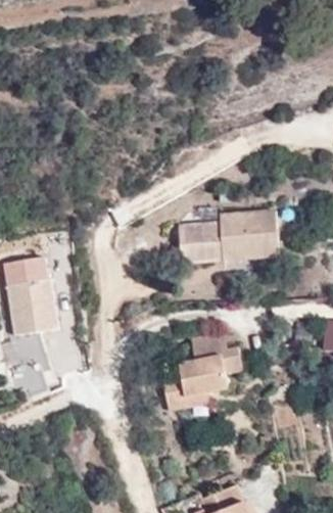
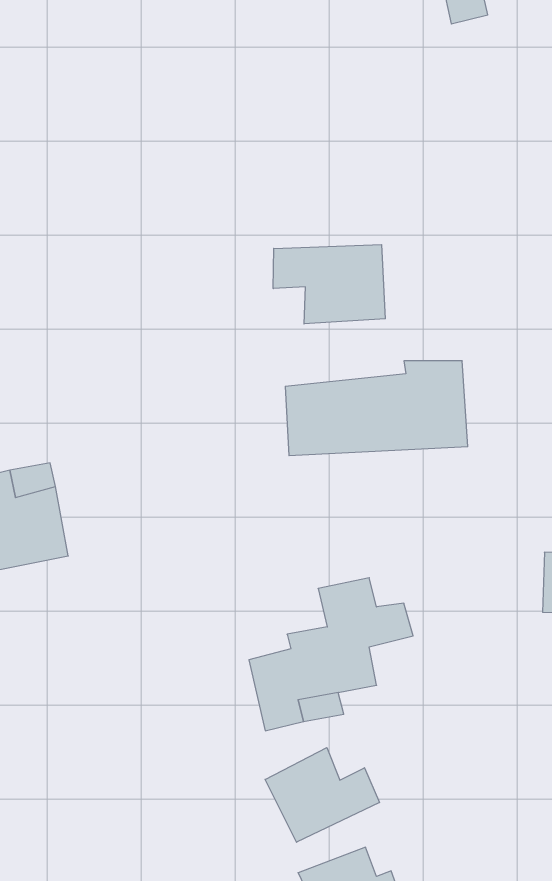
building: none -> [273,245,385,324]
building: none -> [265,748,379,842]

